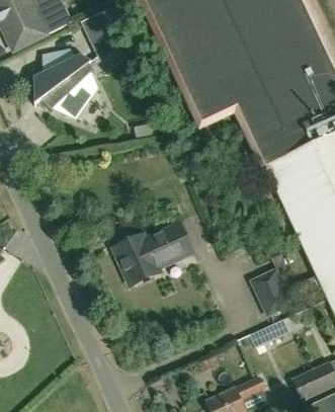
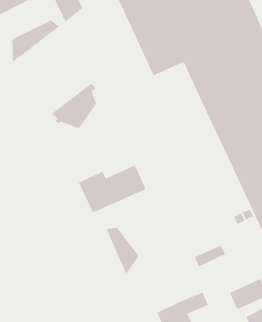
building: [41,63,95,117] -> [51,83,97,129]
building: [250,266,291,313] -> none
building: none -> [105,227,139,275]

